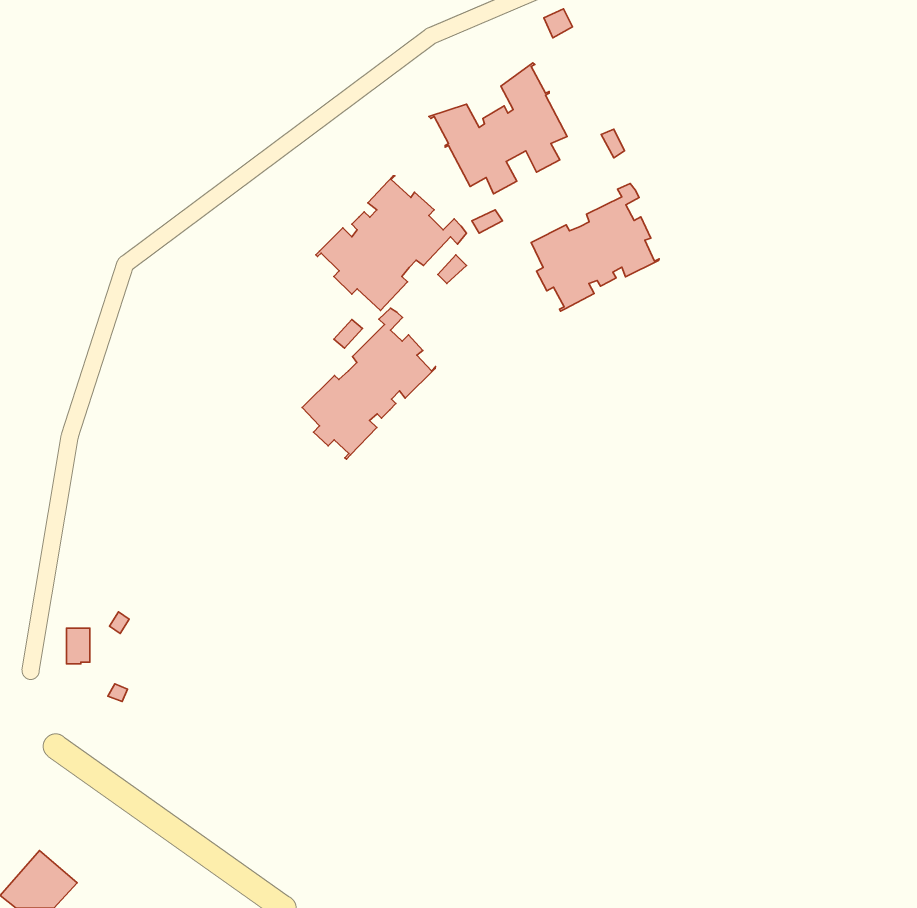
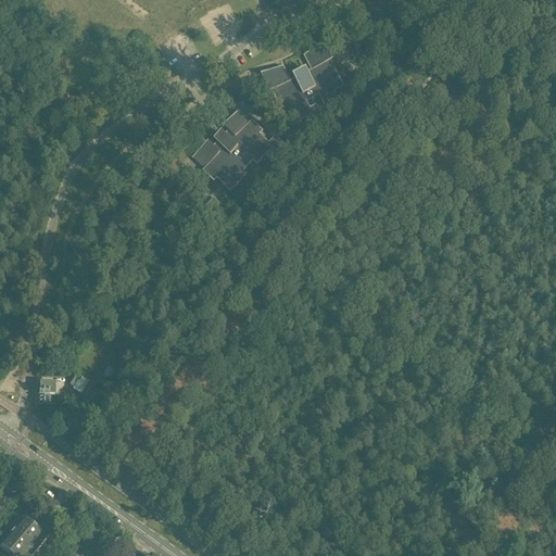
building: [531,183,659,311] -> none
building: [302,308,435,459] -> none

